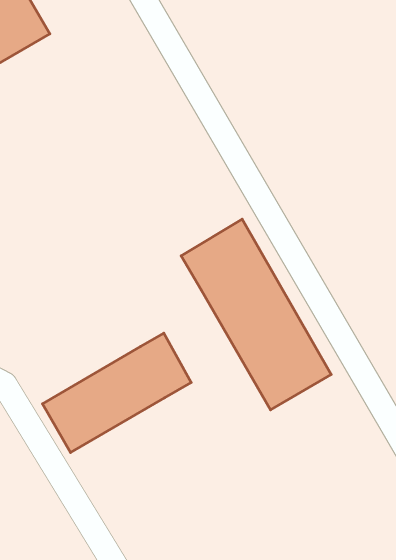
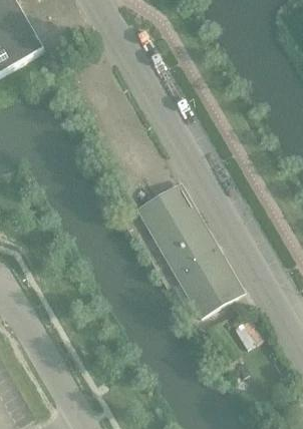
building: [43,333,191,452] -> none

